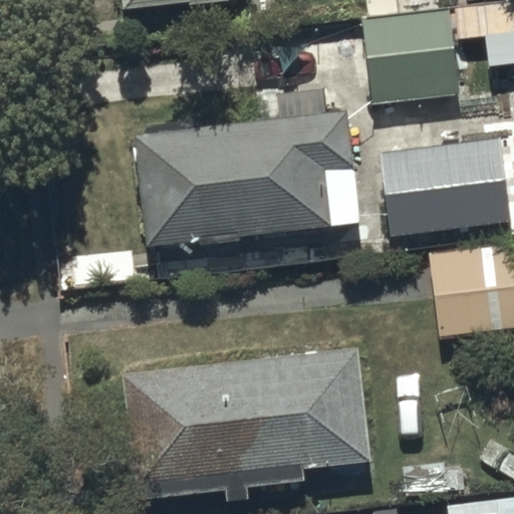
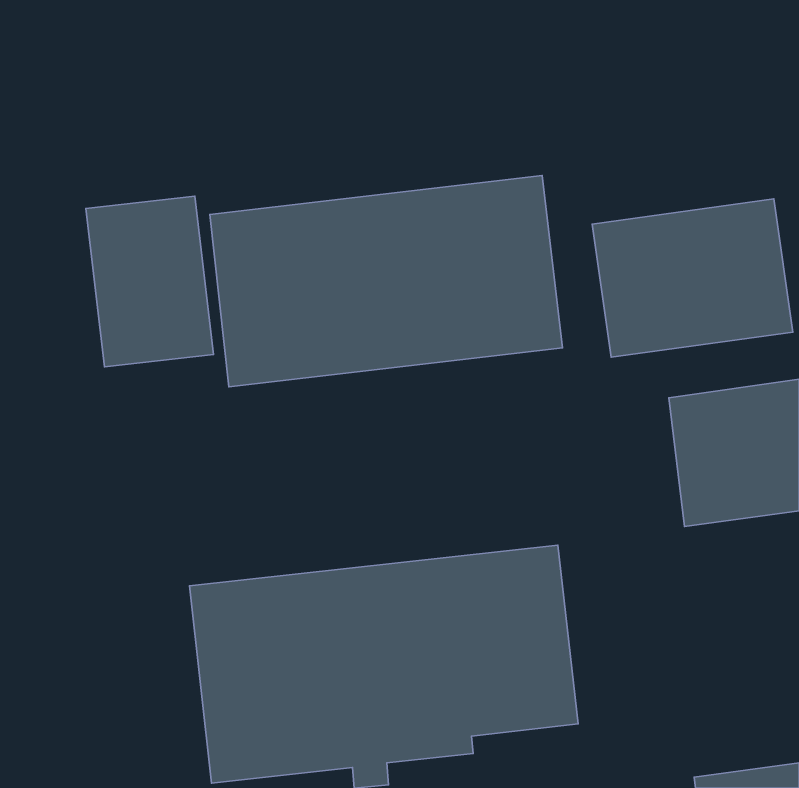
building: [362,8,460,104] -> none
building: none -> [86,196,213,367]

